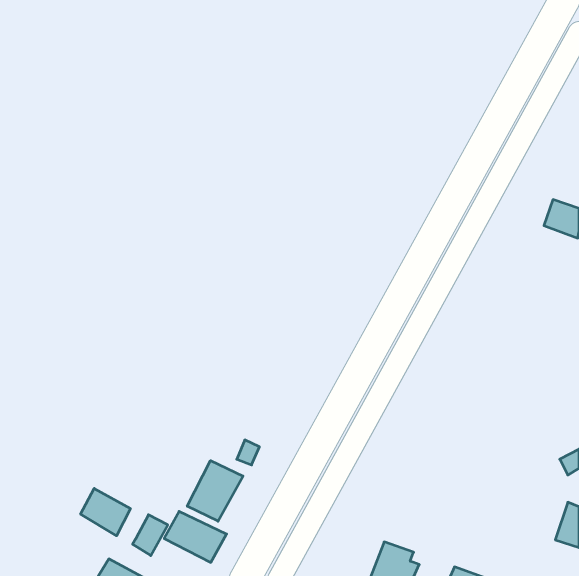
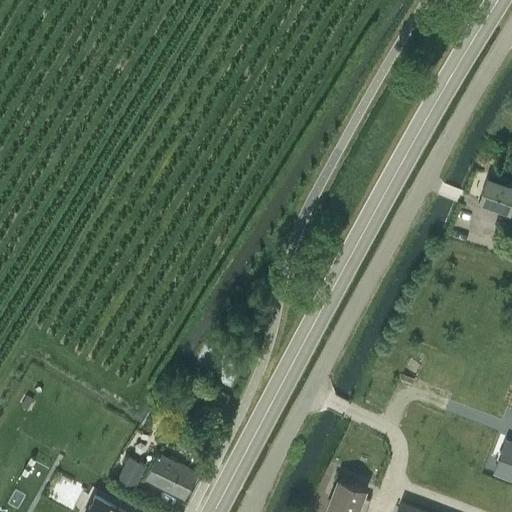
building: [187,461,243,521] -> none
building: [81,488,130,536] -> none

